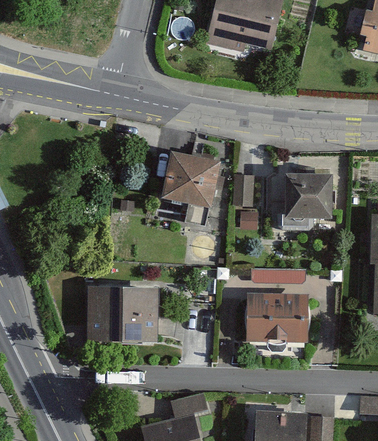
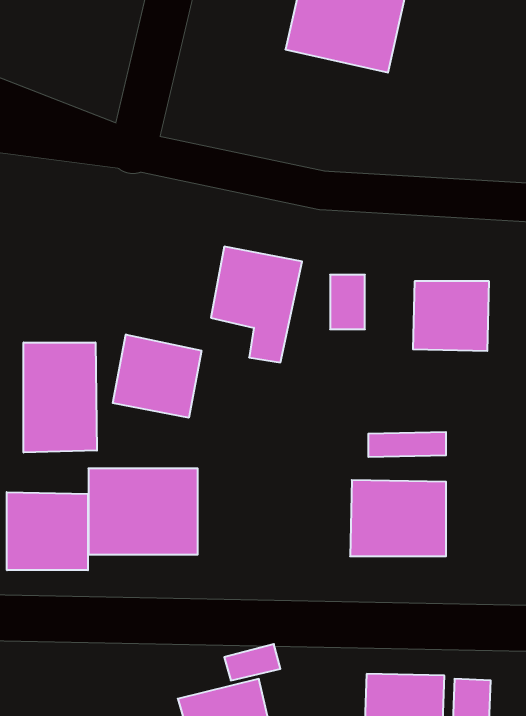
building: none -> [113,334,201,418]
building: none -> [24,342,97,453]
building: none -> [7,492,88,570]

